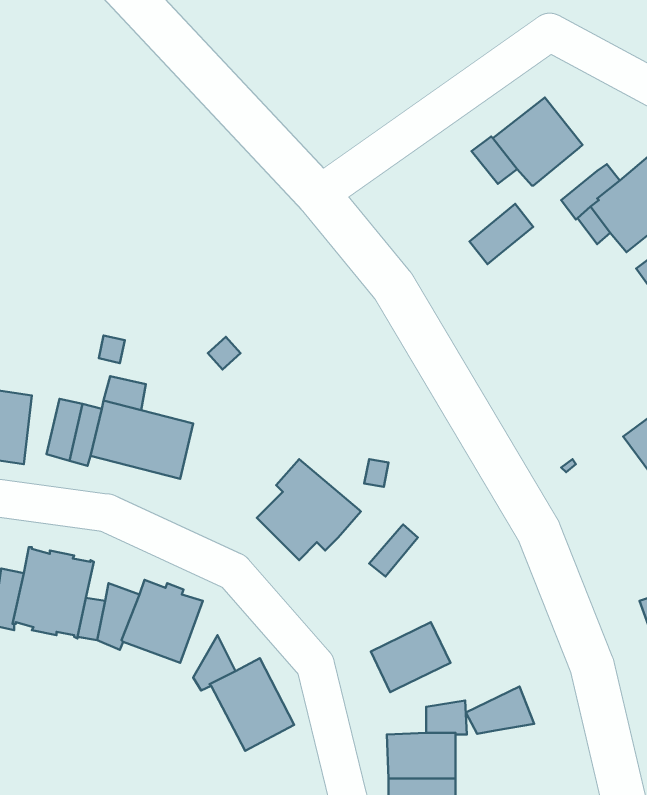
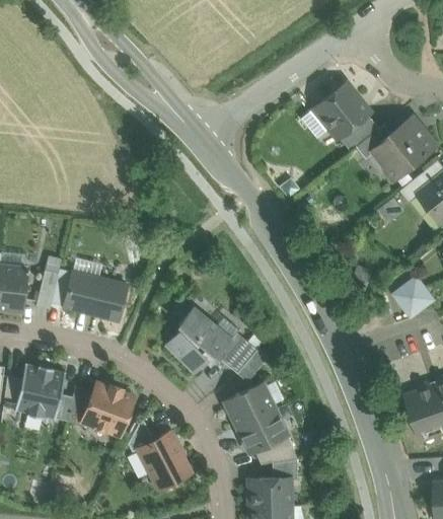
building: [470,204,533,264] -> [339,115,378,152]
building: none -> [217,332,256,373]
building: none -> [223,382,275,428]
building: [466,687,534,734] -> [253,435,296,464]

